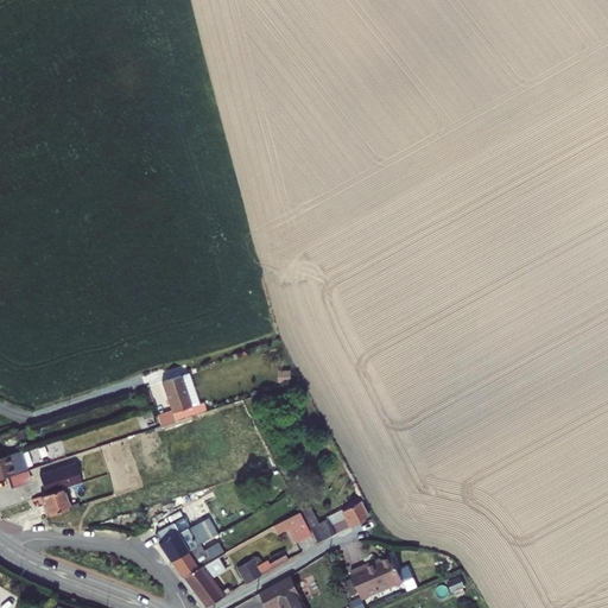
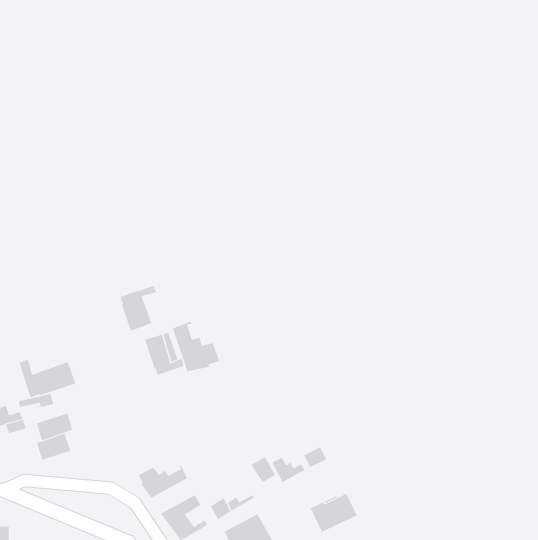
building: none -> [120,285,157,331]
building: none -> [172,321,220,372]
building: none -> [19,359,76,398]
building: [169,546,222,577] -> none

